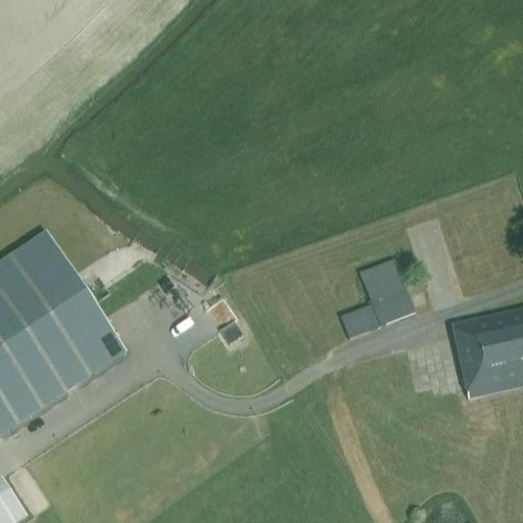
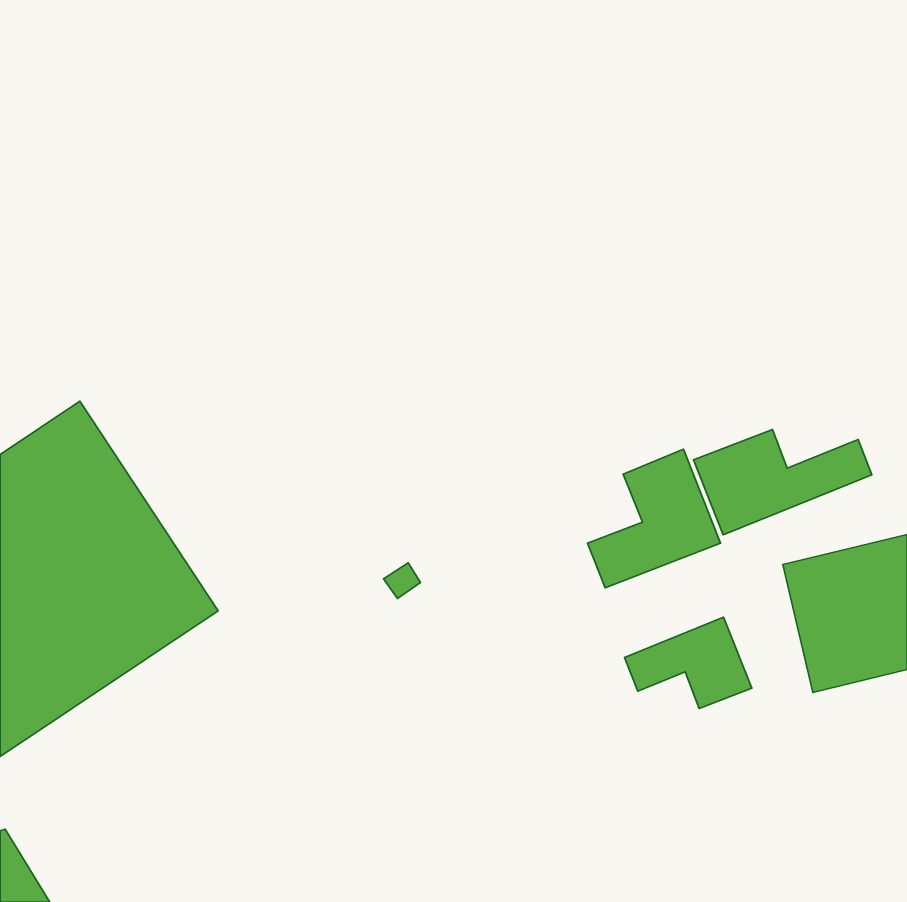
building: none -> [694,429,872,535]
building: none -> [625,617,752,708]

